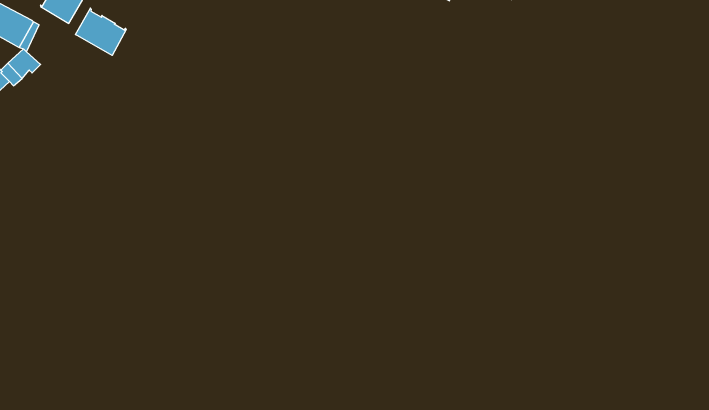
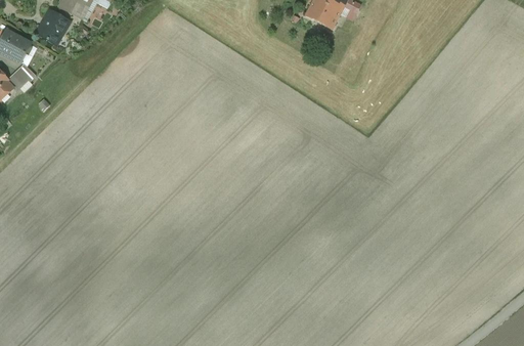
building: [75,8,126,55] -> none

